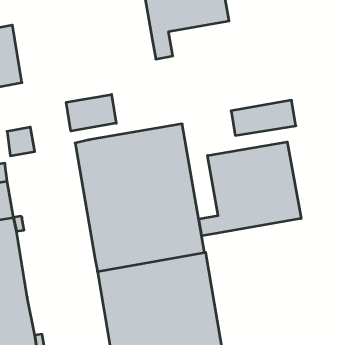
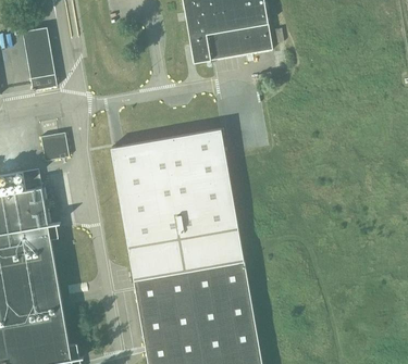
building: [66,94,116,131] -> none
building: [231,100,296,135] -> [206,23,272,59]
building: [199,142,301,236] -> none

